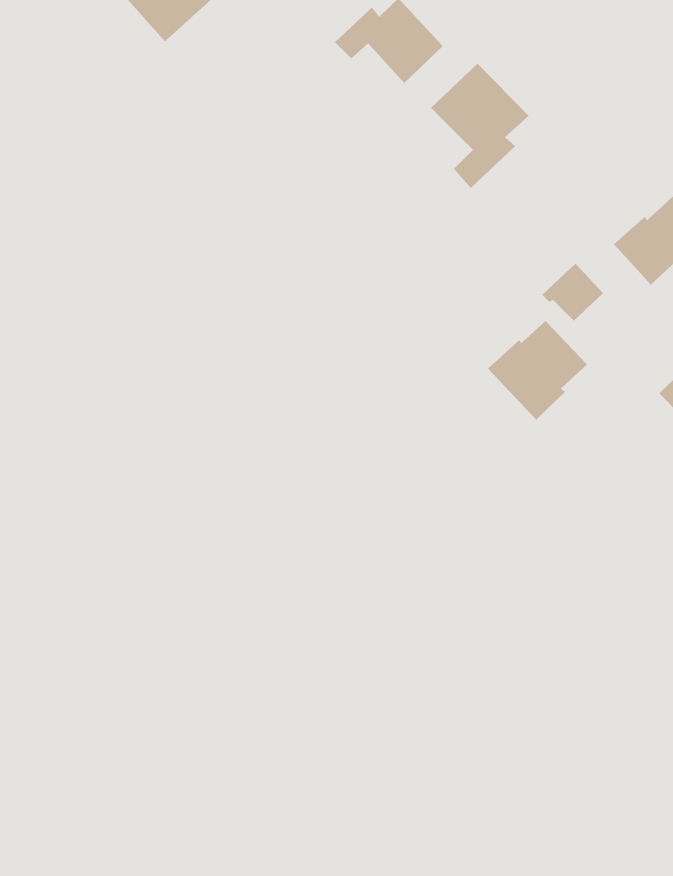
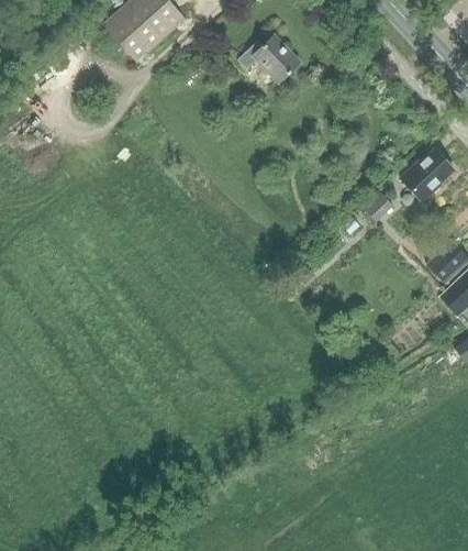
building: [430,63,529,189] -> none
building: [487,320,588,421] -> none

